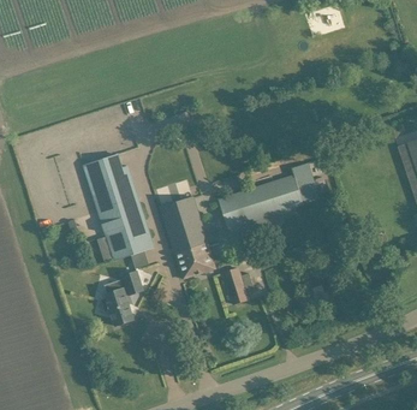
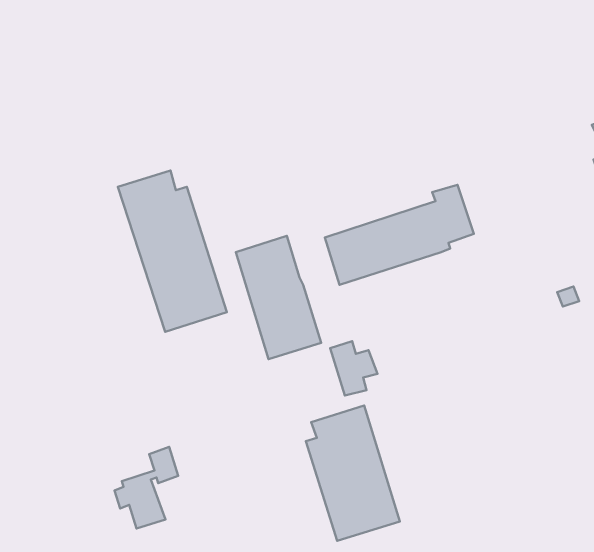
building: [101,269,143,323] -> [115,447,178,528]
building: none -> [306,405,400,541]

